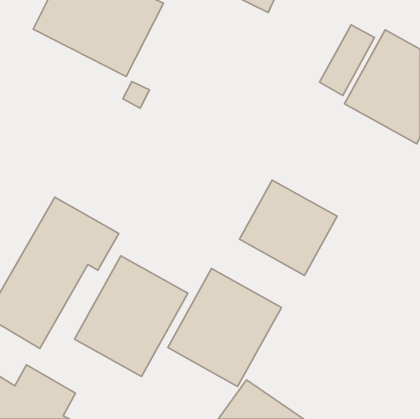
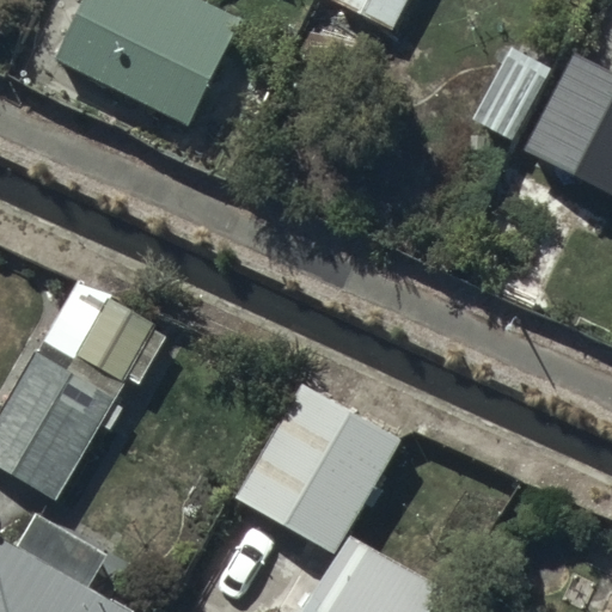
building: [239,180,337,275] -> none
building: [75,256,188,377] -> none

